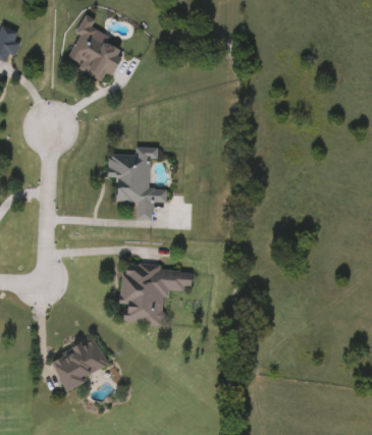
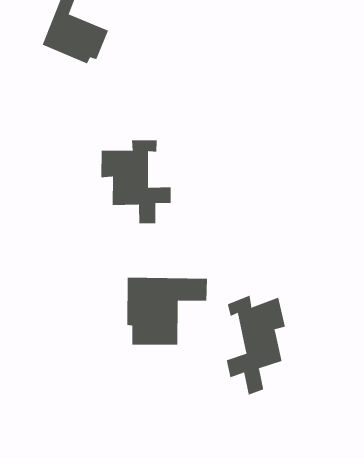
building: none -> [226,295,286,396]
building: [51,338,110,389] -> none

